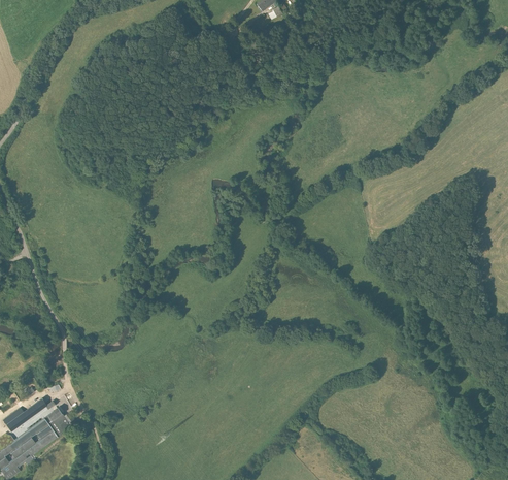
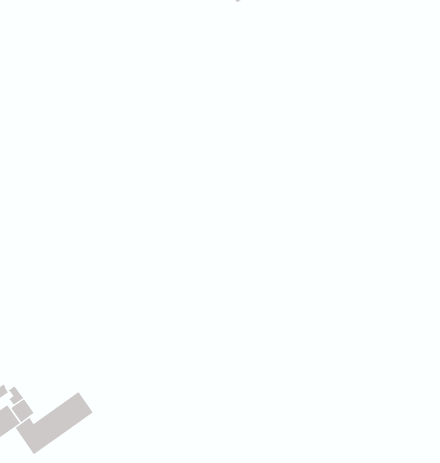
building: none -> [15,391,94,455]

